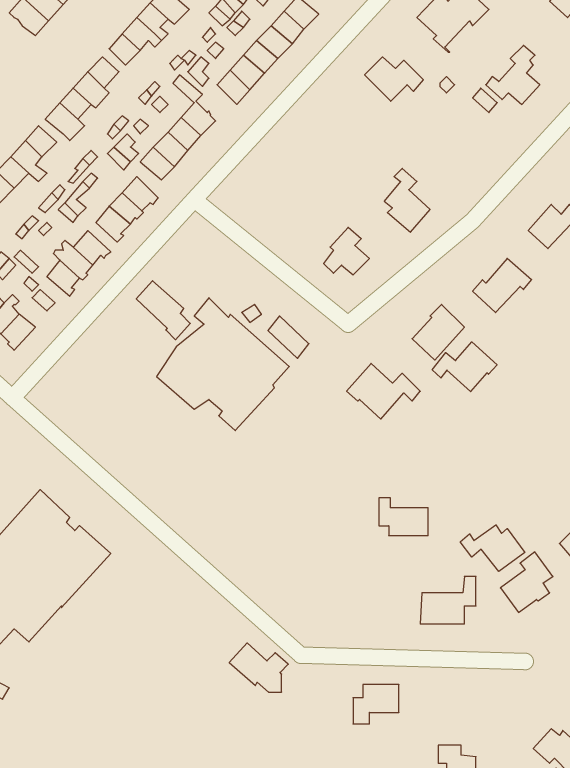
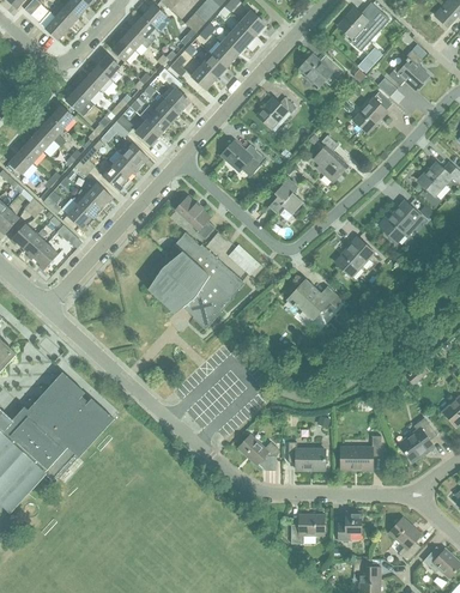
building: none -> [352,92,392,133]
building: none -> [256,97,296,132]
building: none -> [220,141,266,175]
building: [136,281,190,340] -> [175,196,214,240]
building: [432,342,497,392] -> none
building: [379,498,428,536] -> [289,442,325,470]
building: [460,525,525,571] -> none
building: [229,643,288,692] -> [237,434,280,470]
building: none -> [338,510,362,540]
building: none -> [388,516,422,561]

